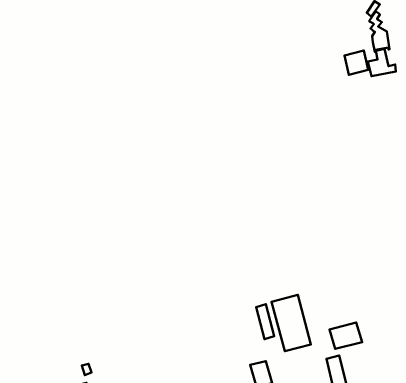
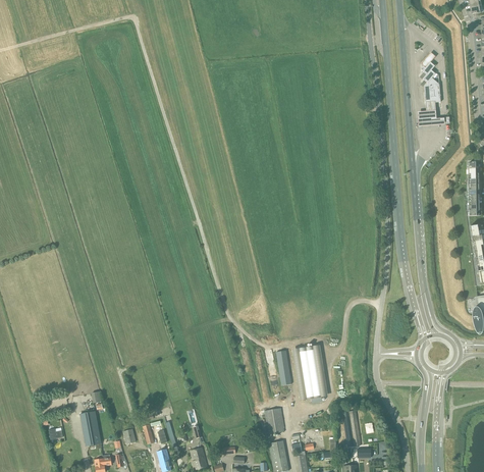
building: [344,51,368,75] -> none
building: [329,323,362,349] -> none

